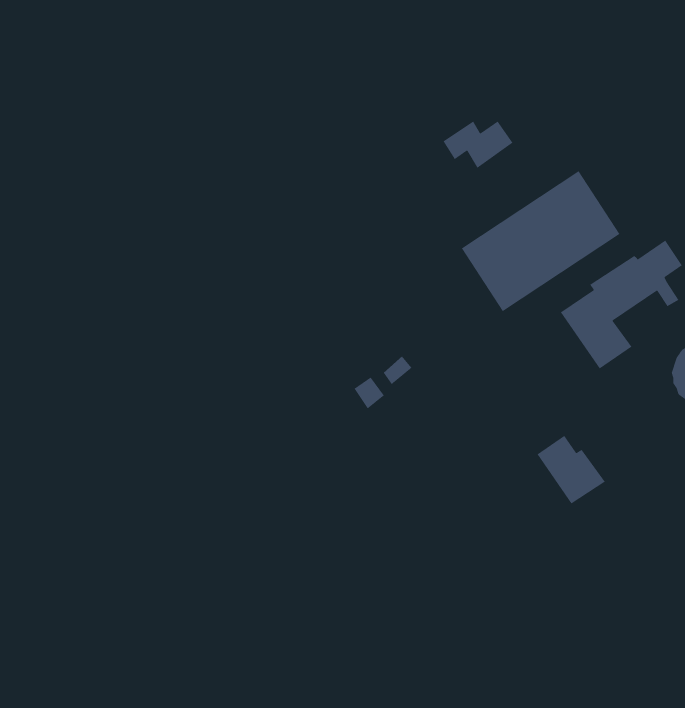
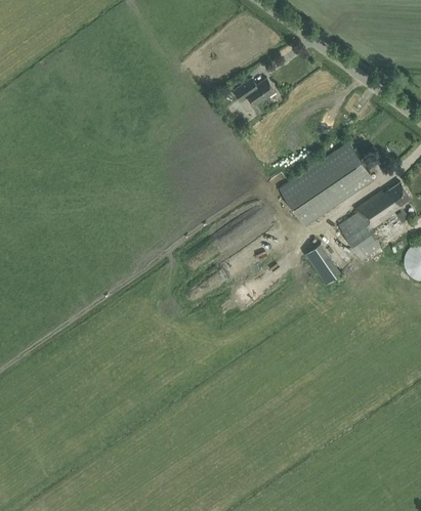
building: [442,120,513,169] -> [233,80,275,109]
building: [537,435,606,504] -> [303,238,344,279]

